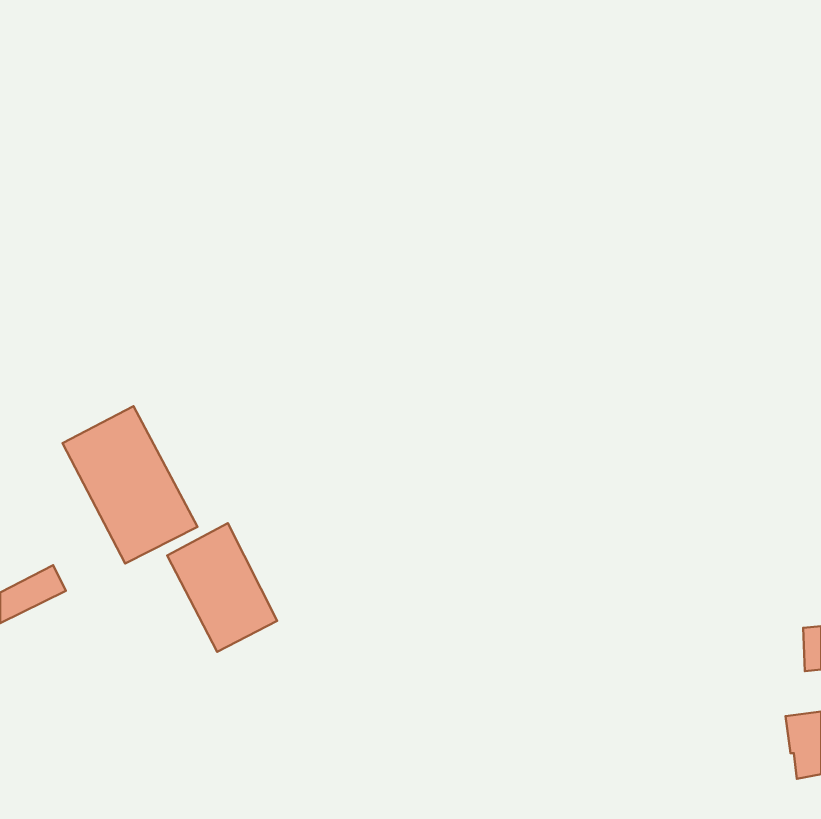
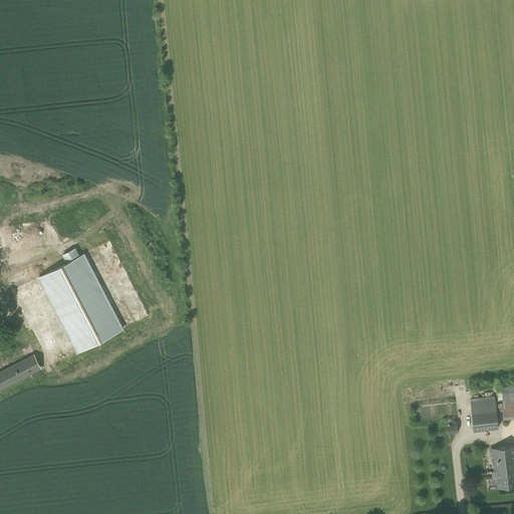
building: [167,523,277,652] -> none
building: none -> [471,400,498,432]

